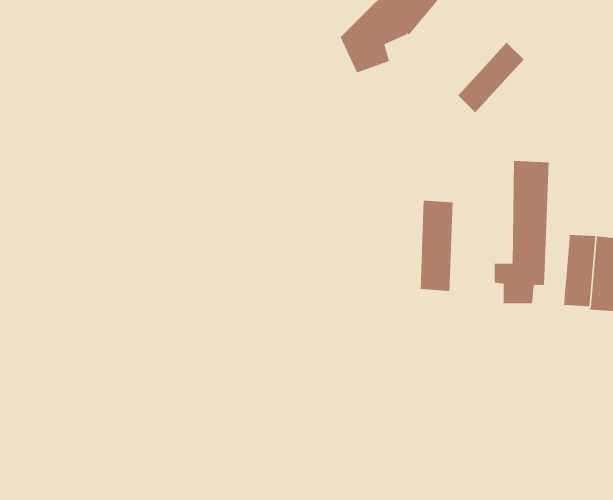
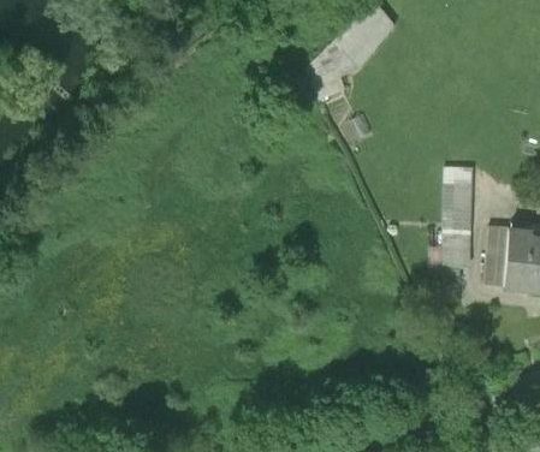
building: [457,42,524,113] -> none
building: [420,200,453,292] -> none

